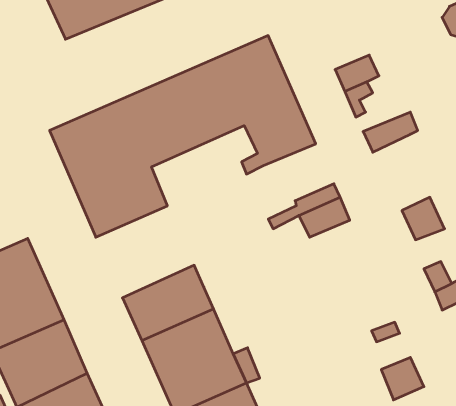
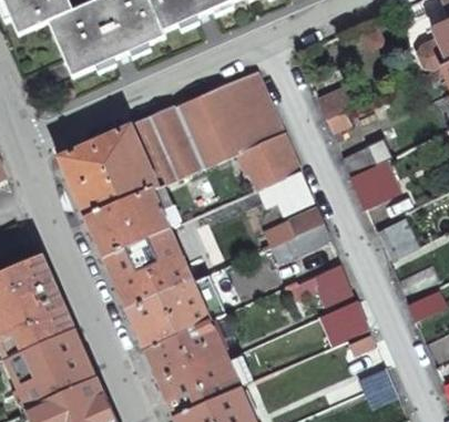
building: none -> [354,159,402,209]
building: none -> [254,168,316,215]
building: none -> [101,225,191,309]
building: none -> [288,259,355,301]
building: none -> [328,298,371,339]

